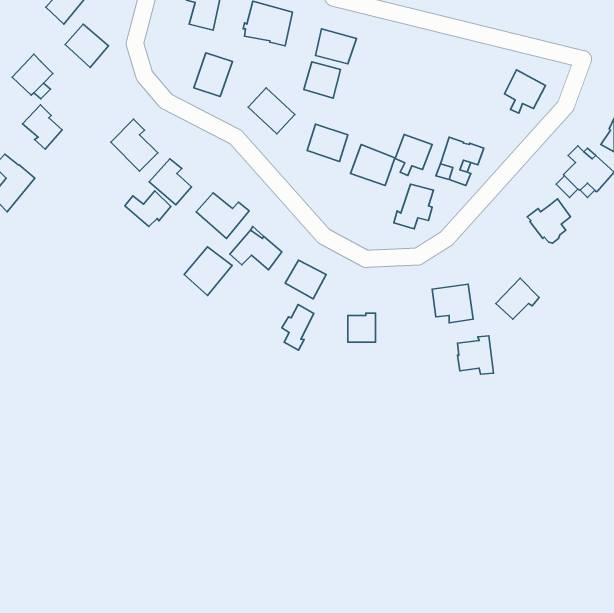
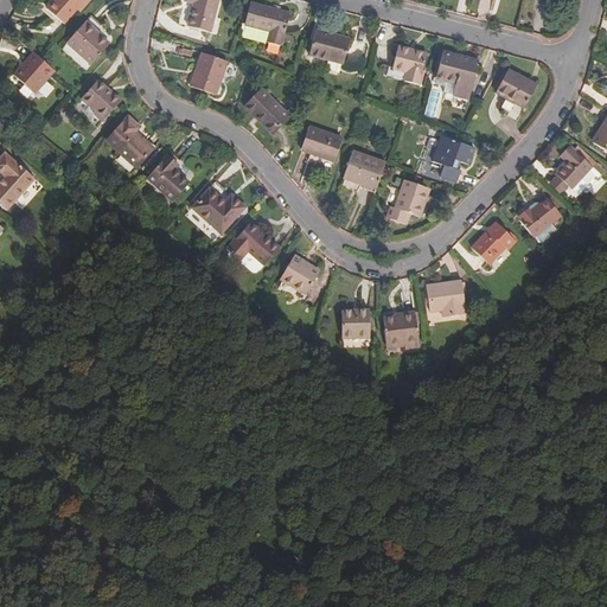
building: none -> [394,46,427,83]
building: none -> [437,51,480,97]
building: [304,62,341,98] -> none
building: [22,105,62,149] -> [79,82,119,126]
building: [395,134,432,176] -> none
building: [125,191,171,226] -> none
building: [184,247,232,296] -> none
building: [496,278,539,319] -> [472,219,515,260]
building: [282,304,314,350] -> none
building: [457,336,494,374] -> [383,309,418,347]

